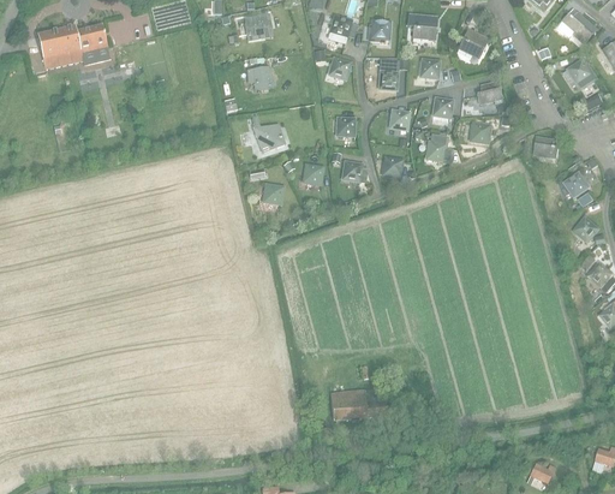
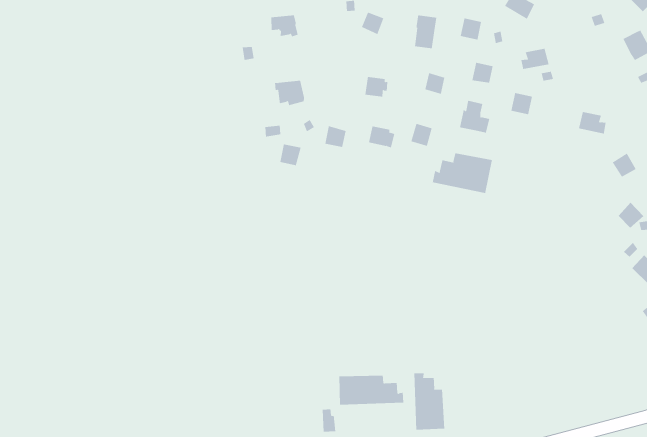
building: none -> [432,153,493,194]
building: none -> [414,373,445,431]

